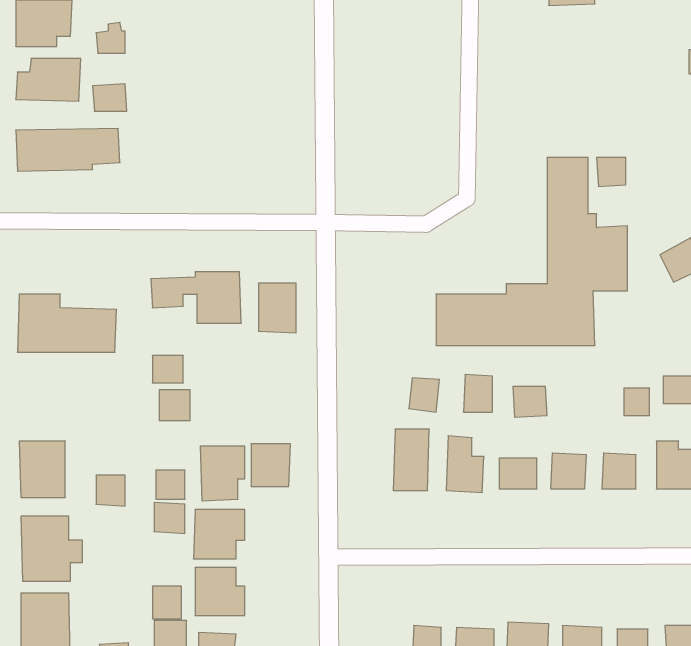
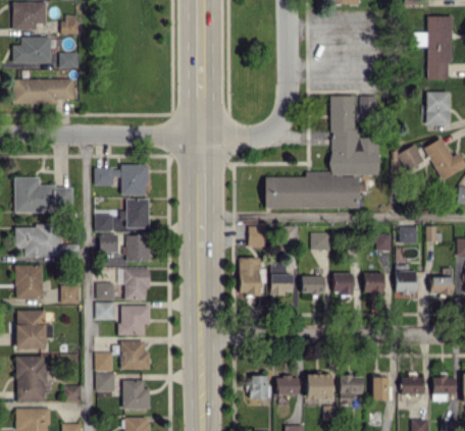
building: [258,283,296,333] -> [126,199,149,228]
building: none -> [14,225,62,257]
building: [251,444,290,486] -> [126,235,150,261]

